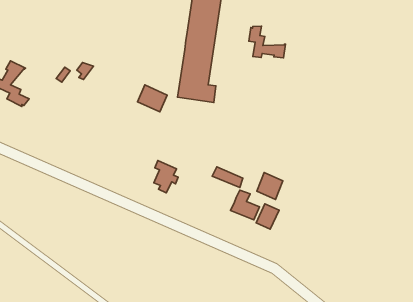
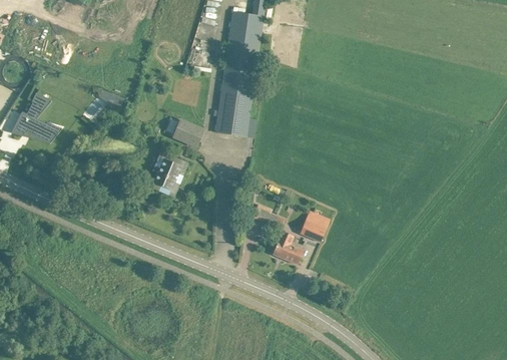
building: [249,26,286,58] -> none
building: [154,160,178,193] -> [155,157,181,193]
building: [256,204,279,229] -> none

